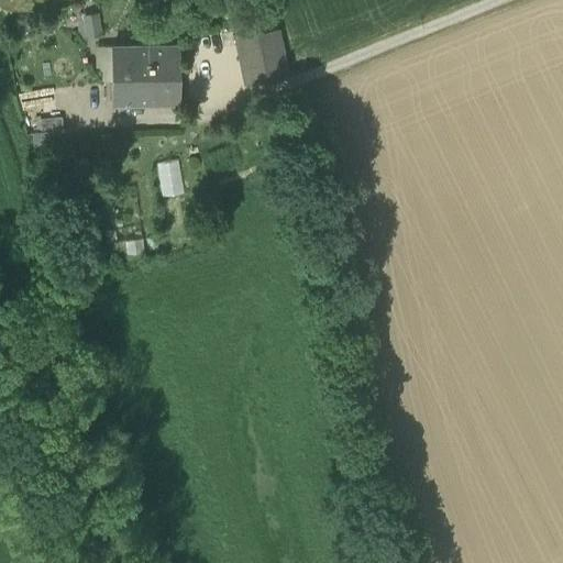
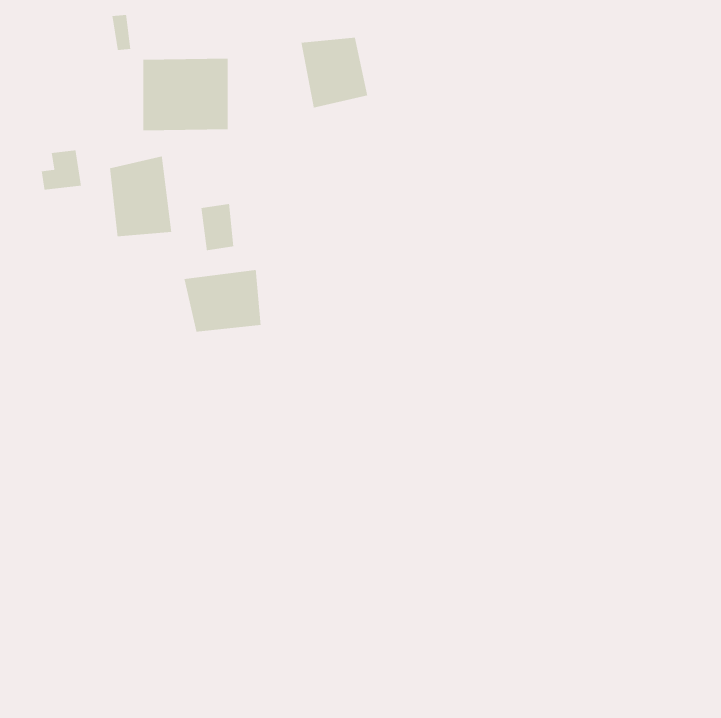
building: none -> [109,155,172,237]
building: none -> [184,269,262,333]

